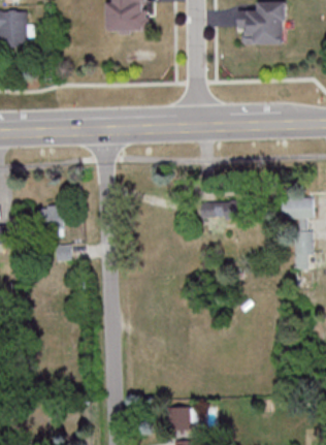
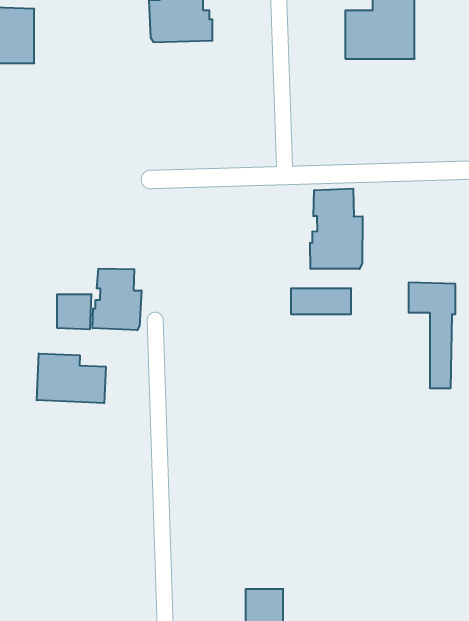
building: none -> [310,189,363,269]
building: none -> [93,269,142,330]
building: none -> [37,353,106,403]

